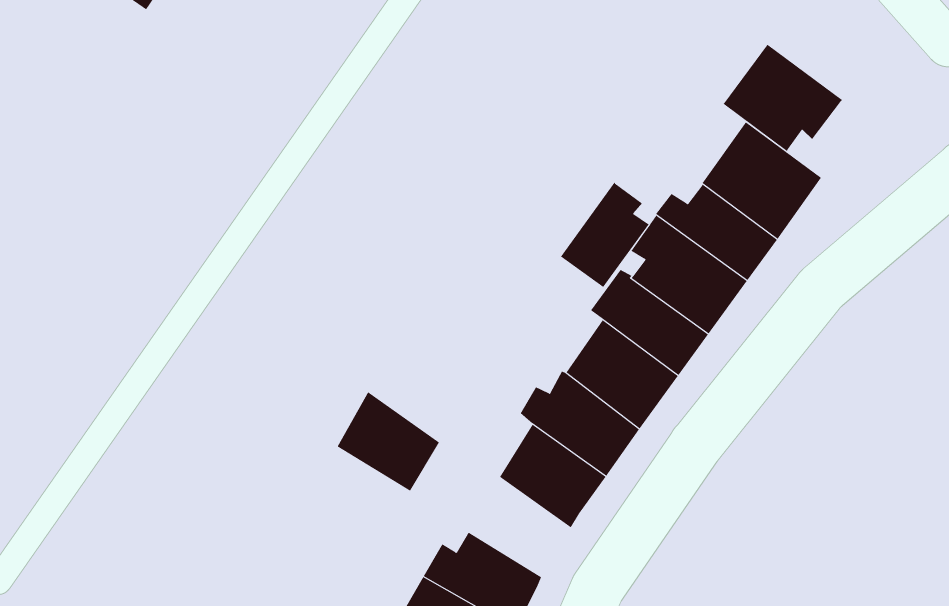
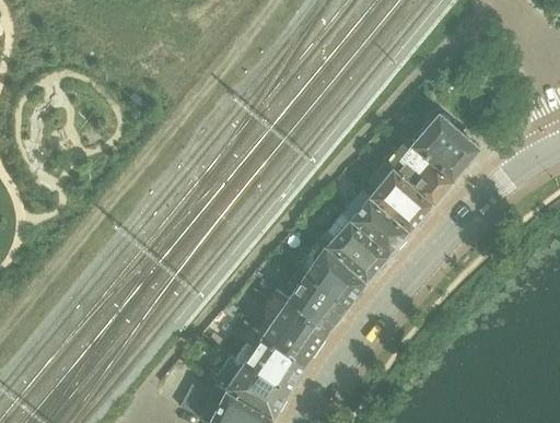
building: [723,44,843,152] -> none
building: [560,181,649,288] -> none
building: [337,392,440,492] -> [267,303,325,361]

